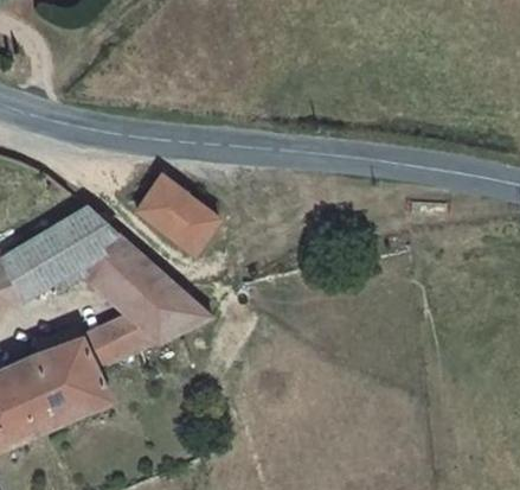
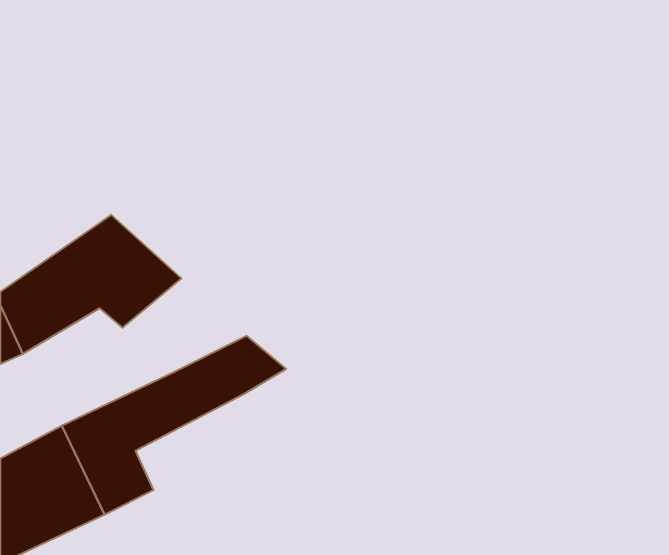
building: [134,174,218,253] -> none
building: [89,247,179,314] -> none

